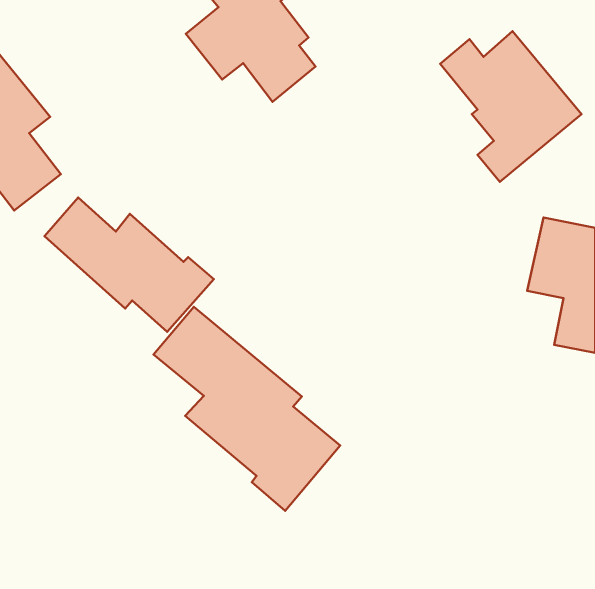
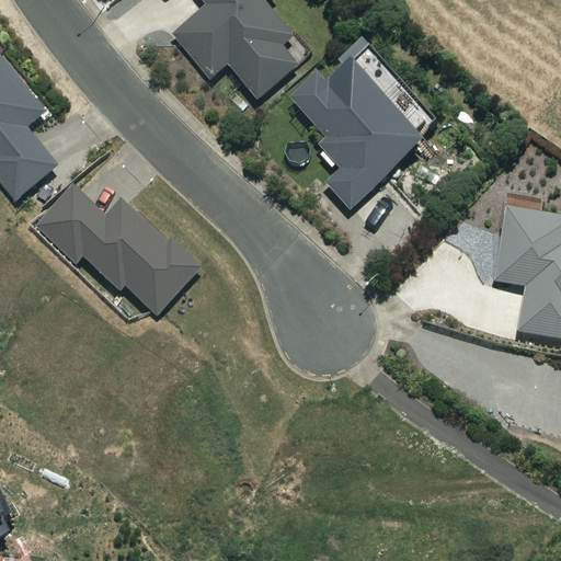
building: [440,31,582,182] -> [290,66,423,207]
building: [153,307,340,511] -> none

